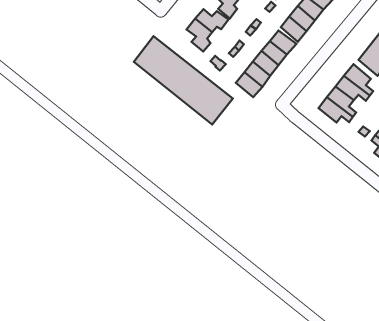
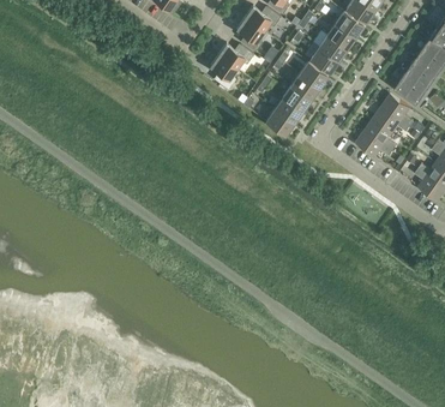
building: [134,36,233,124] -> none

